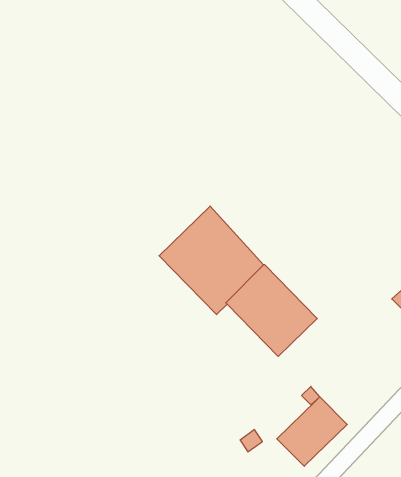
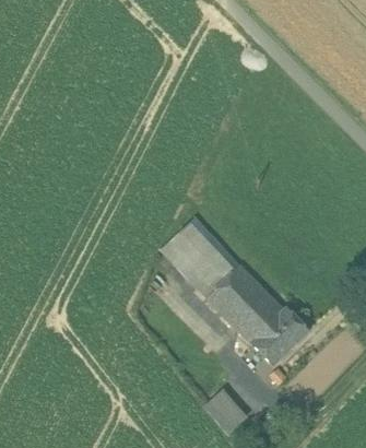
building: [277,397,347,466] -> [252,308,311,366]

